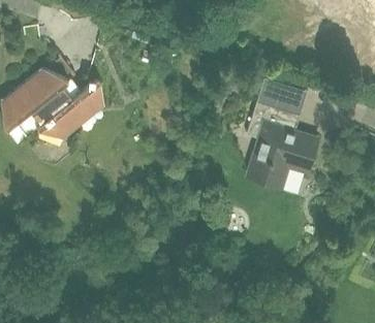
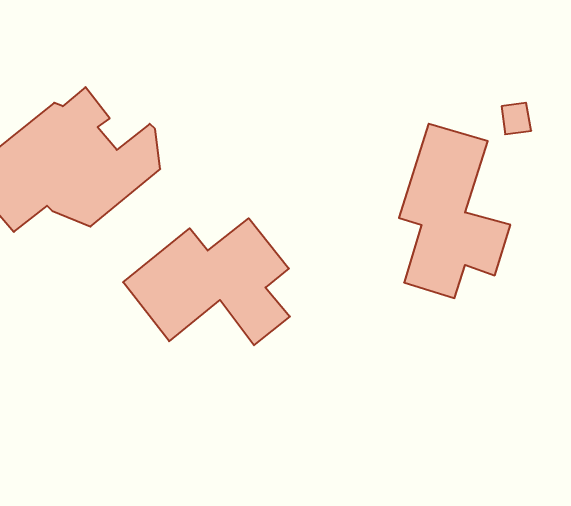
building: none -> [123,218,290,345]

